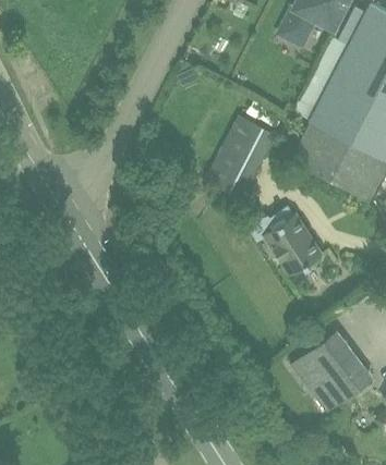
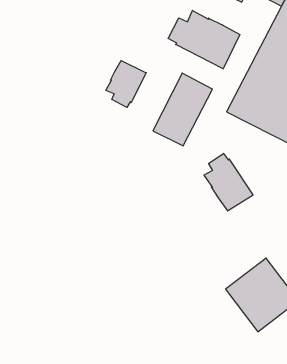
building: none -> [168,10,240,69]
building: none -> [106,61,146,107]

